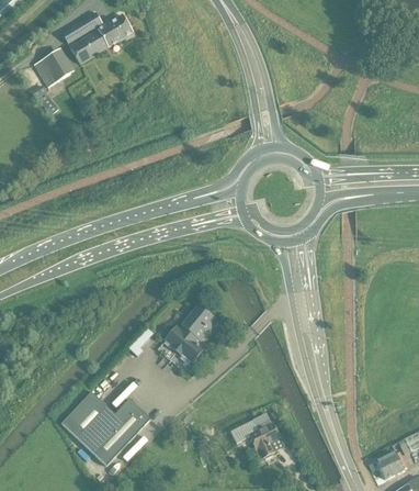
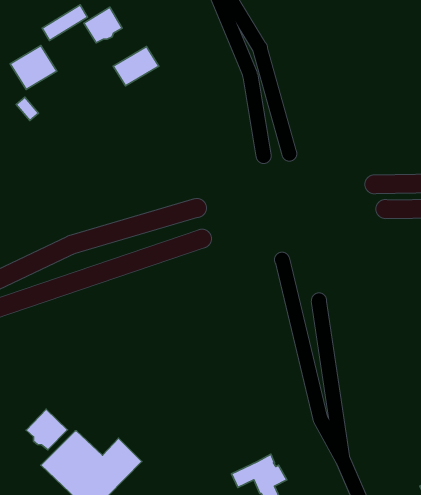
building: [69,27,110,63] -> [113,46,159,86]
building: [166,306,216,360] -> none
building: none -> [26,409,67,450]

